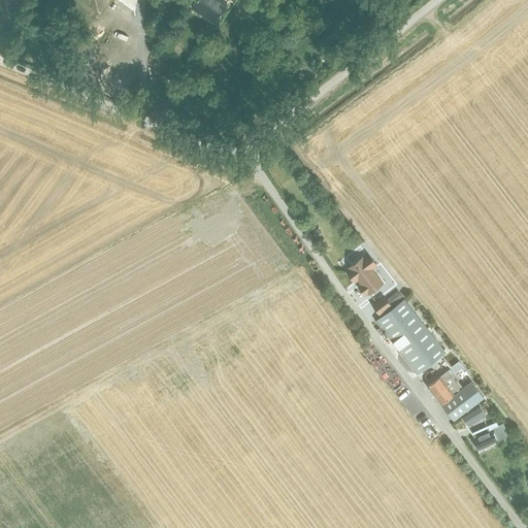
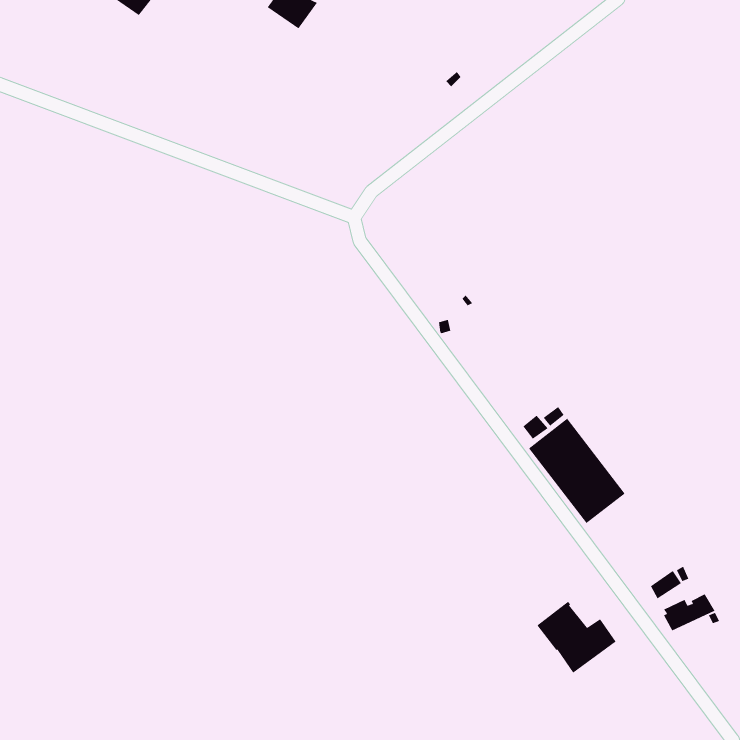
building: [344,253,382,293] -> none
building: [426,367,483,419] -> [537,601,616,674]

